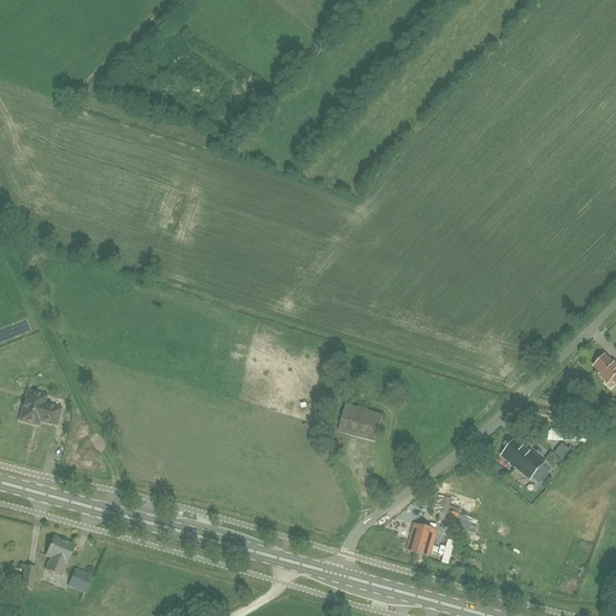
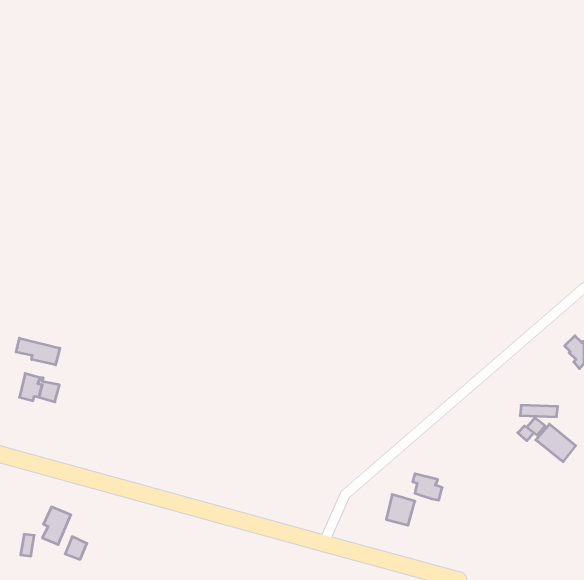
building: none -> [16,338,60,365]
building: [338,402,383,439] -> none
building: [502,437,544,476] -> [536,424,576,462]

